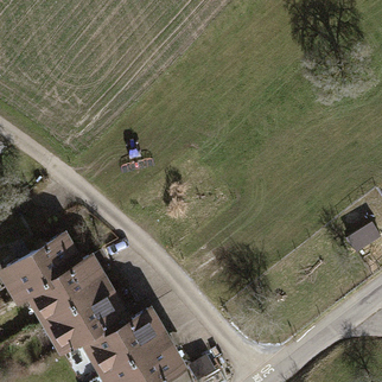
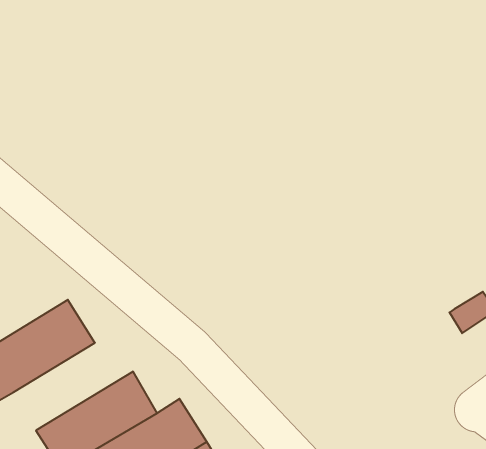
building: [24,255,113,327] -> none

